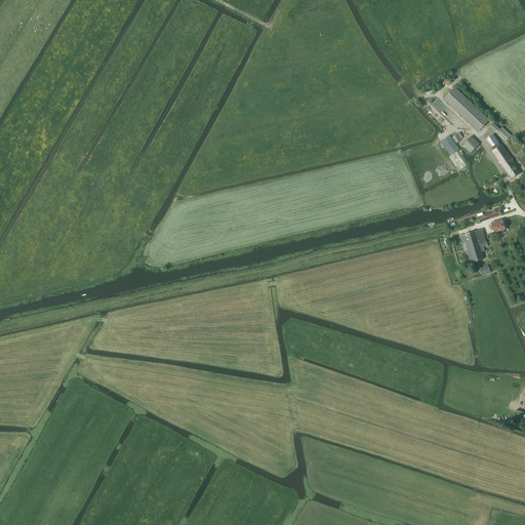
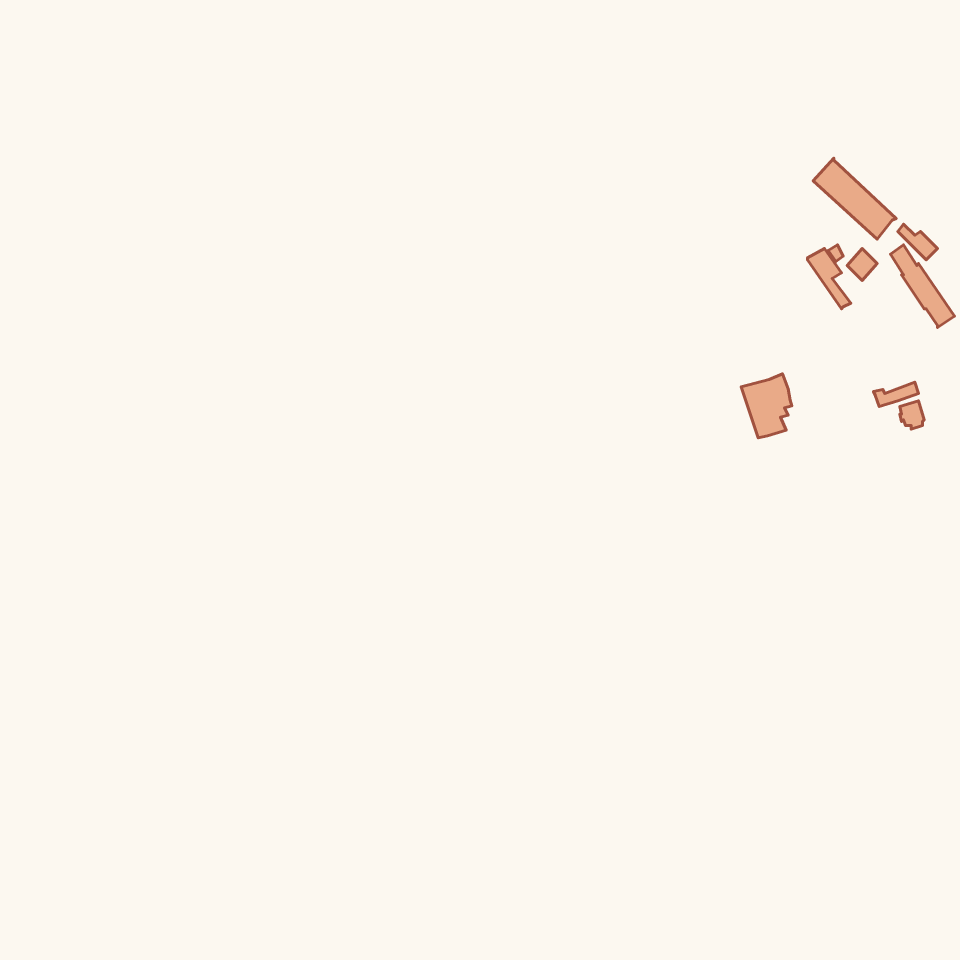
building: [458,228,486,262] -> [741,374,792,438]

